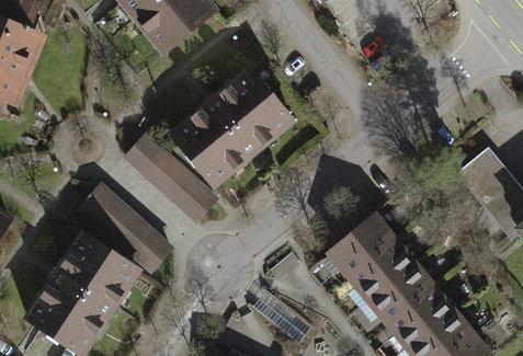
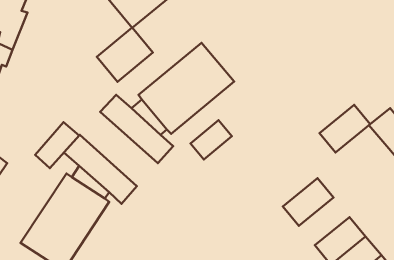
building: none -> [97,28,153,82]
building: none -> [190,120,232,160]
building: none -> [35,122,79,168]
building: [332,215,395,274] -> [319,105,370,152]
building: [372,263,434,322] -> none

